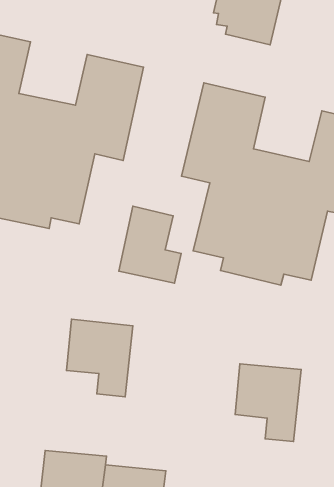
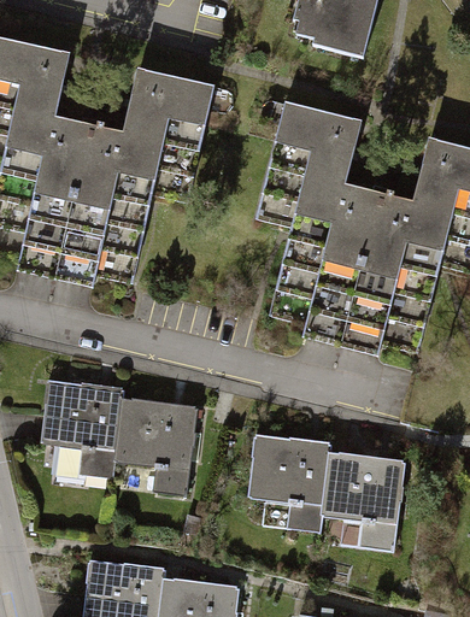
building: [119,206,181,283] -> none
building: none -> [40,378,122,477]
building: none -> [248,433,330,533]

